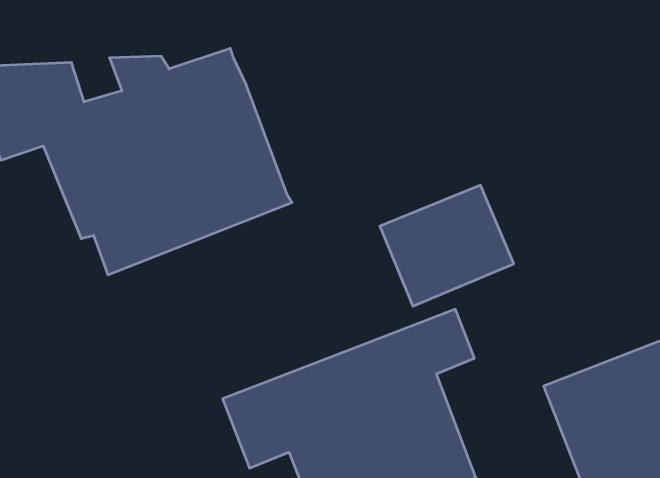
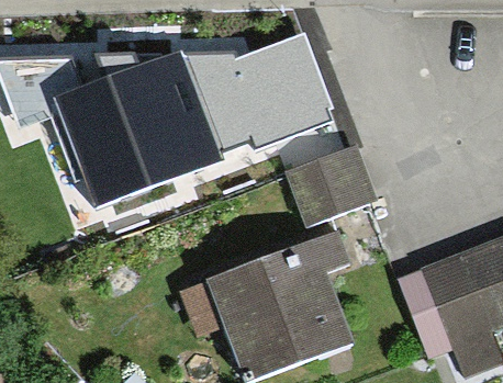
building: none -> [183,31,333,148]

